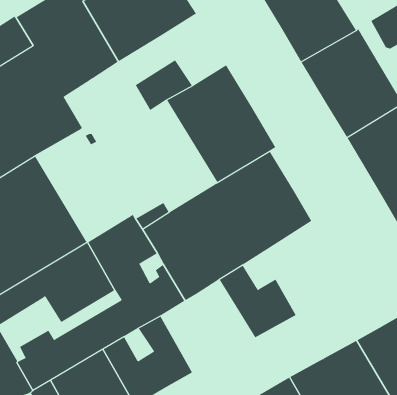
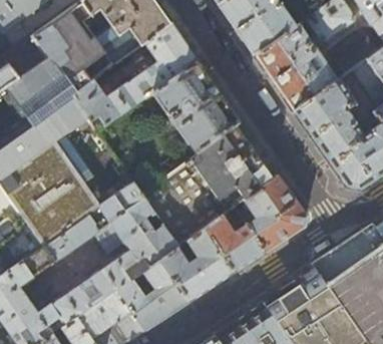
building: none -> [143,23,197,79]
building: none -> [72,80,139,125]
building: none -> [244,175,305,252]
building: none -> [159,229,234,302]

